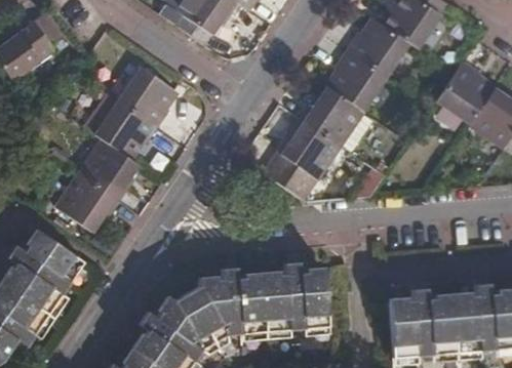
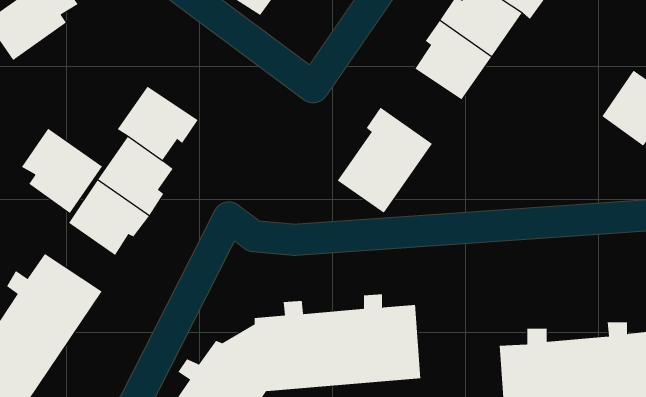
building: [437,59,496,123] -> none
building: [117,65,176,126] -> none
building: [299,86,362,145] -> none
building: none -> [21,128,103,214]

